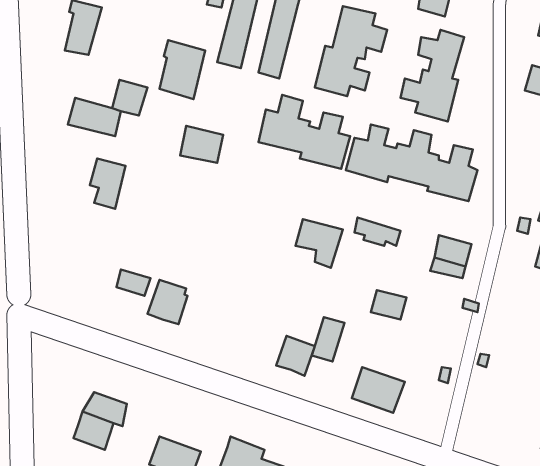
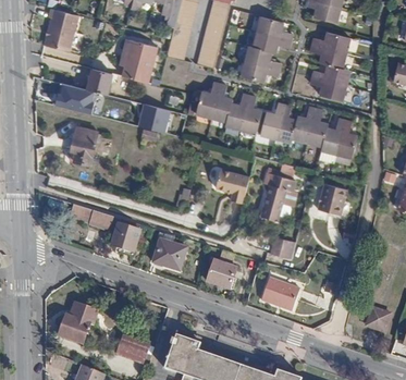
building: none -> [156,230,189,270]
building: [312,317,344,361] -> [264,188,288,221]
building: none -> [366,306,394,335]

